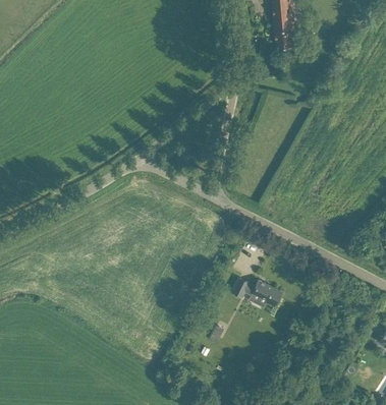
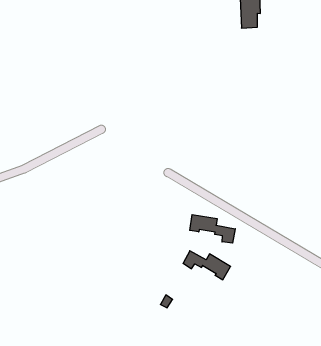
building: none -> [190,215,235,243]

